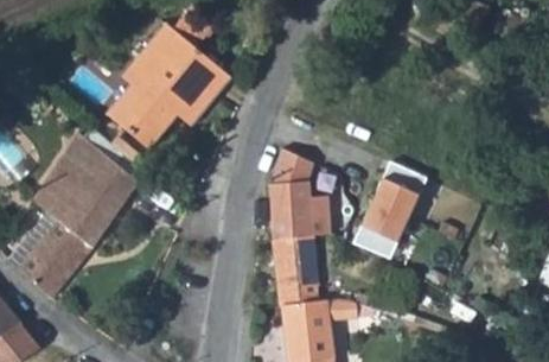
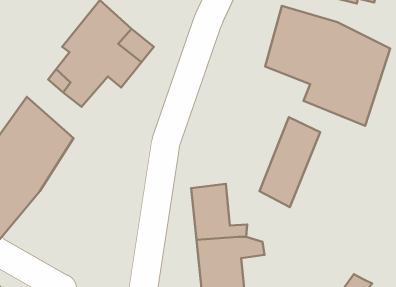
building: none -> [265,6,390,126]
building: [270,148,331,241] -> none

